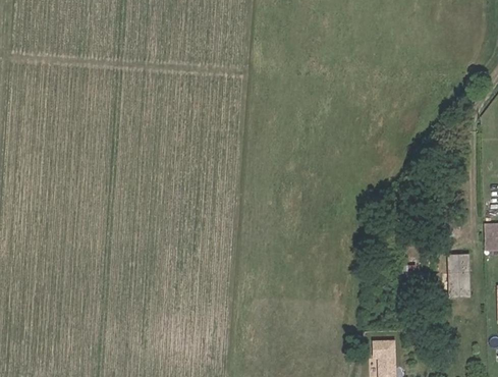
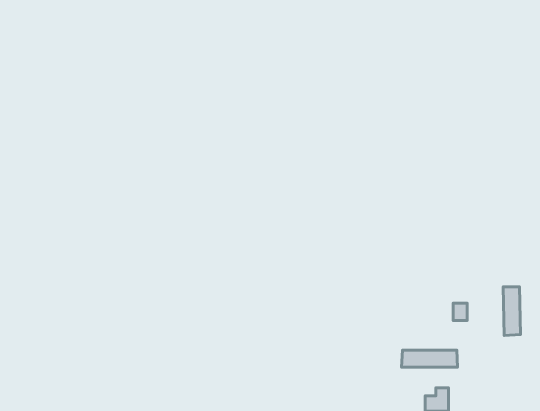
building: none -> [402,350,457,367]

